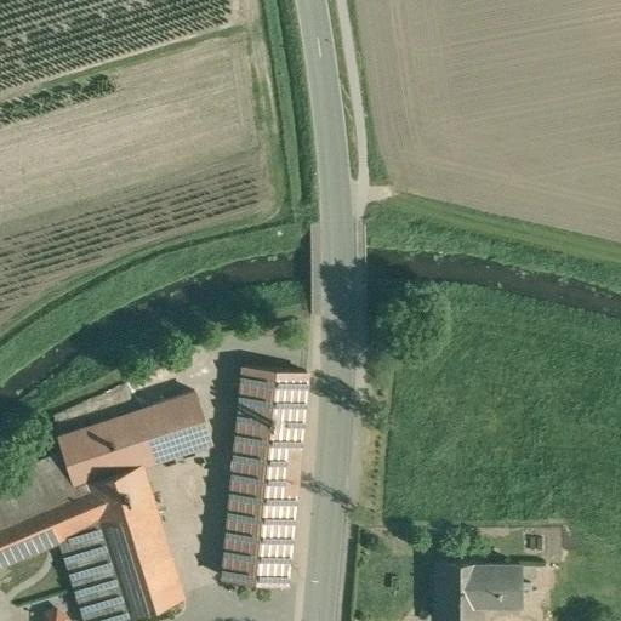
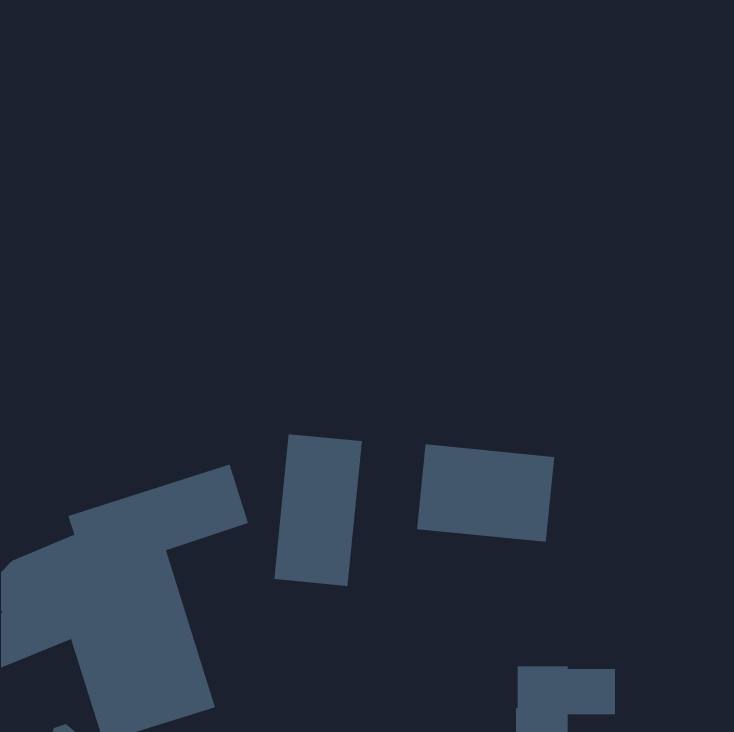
building: none -> [416,443,555,543]
building: [223,491,295,586] -> none

